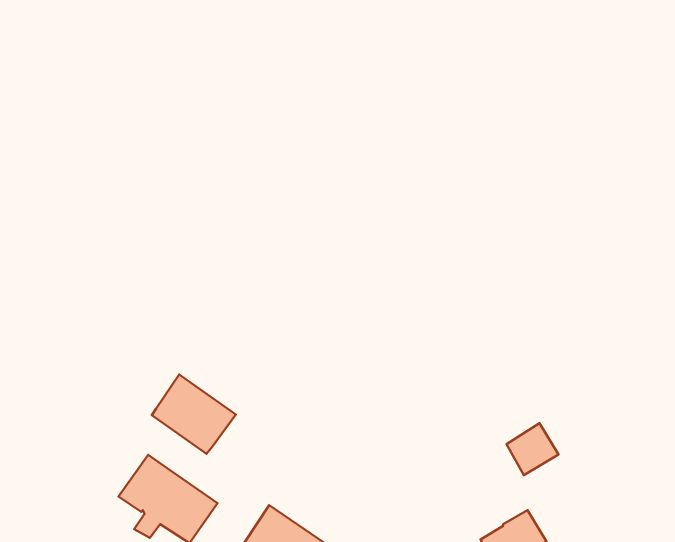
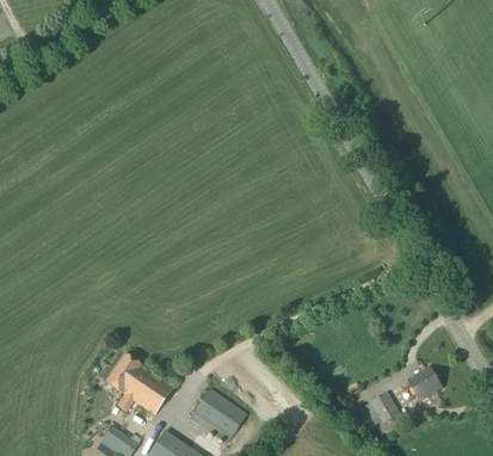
building: [152,374,236,454] -> none
building: [506,423,558,475] -> [408,364,444,400]

